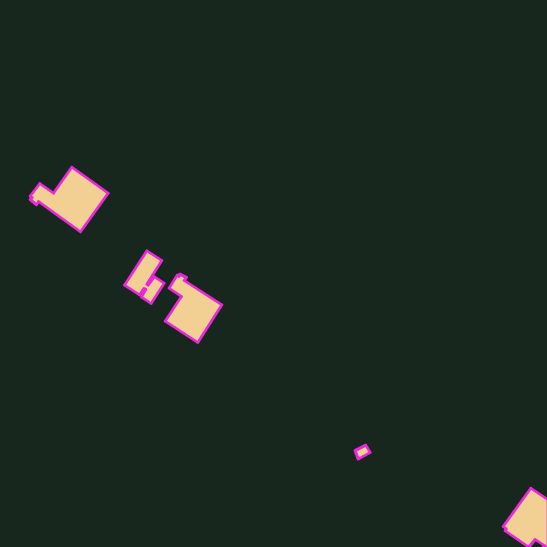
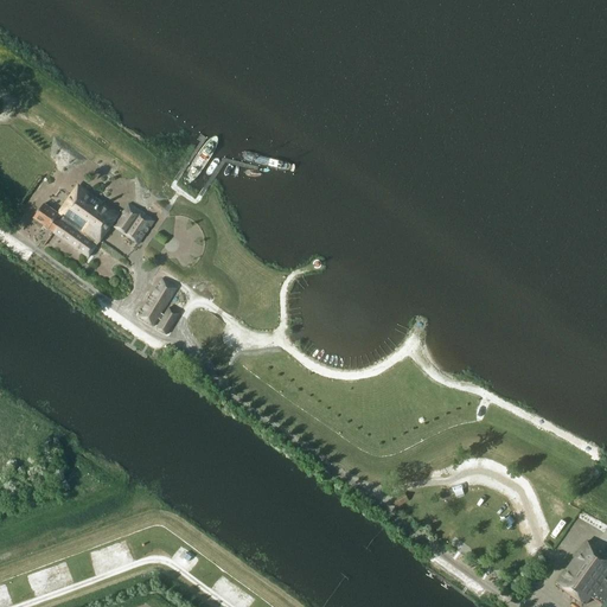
building: none -> [115,202,158,244]
building: [165,274,222,343] -> none

